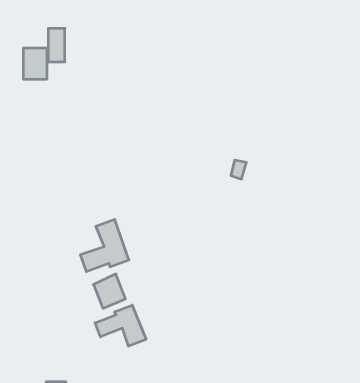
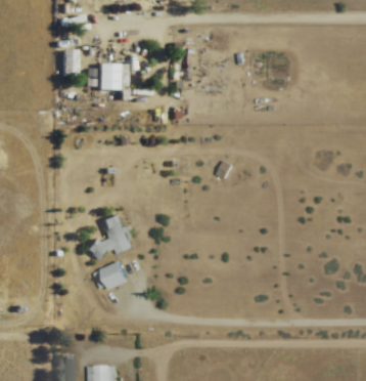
building: [23,48,47,79] -> [97,62,118,89]
building: [95,305,146,346] -> none

